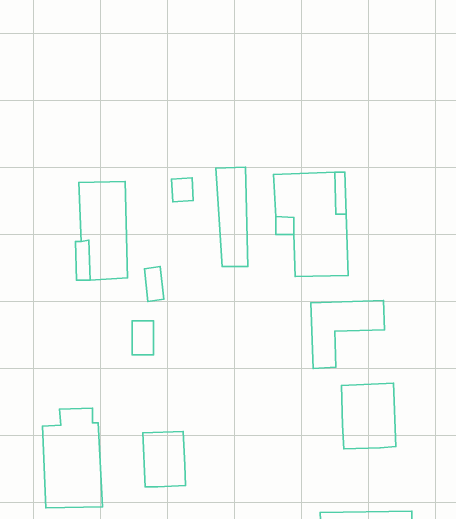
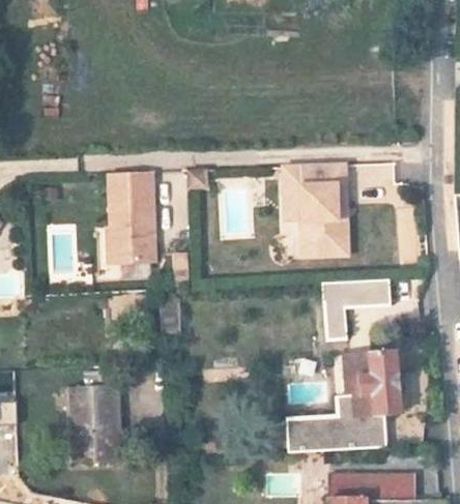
building: [216,167,248,267] -> none
building: none -> [286,395,383,448]
building: [143,432,185,487] -> none

